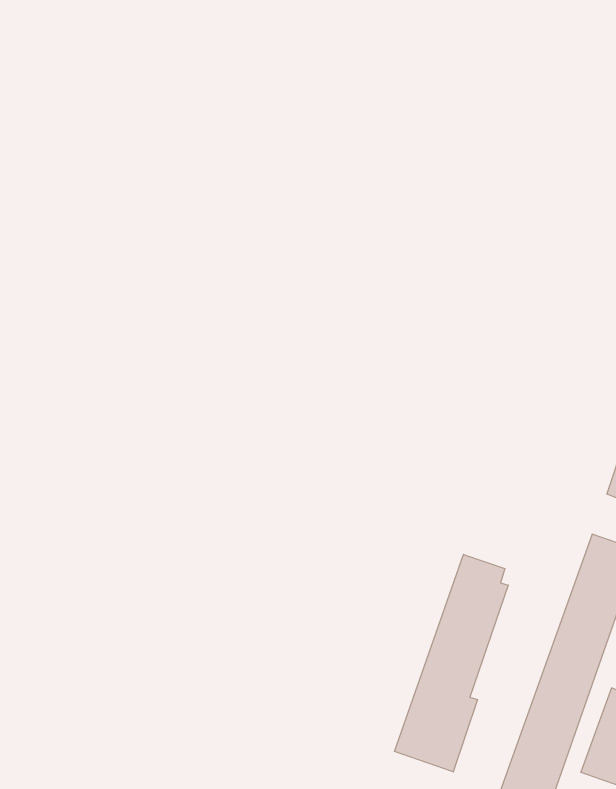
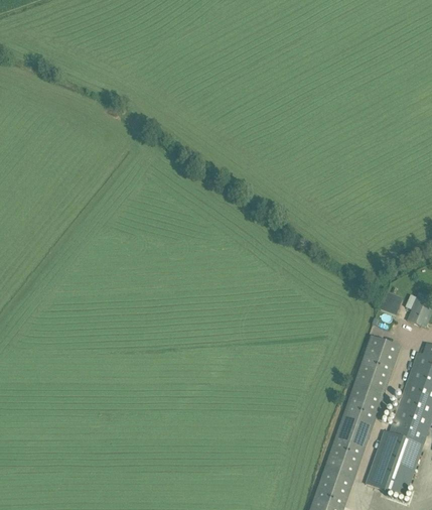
building: [394,554,508,772] -> none

